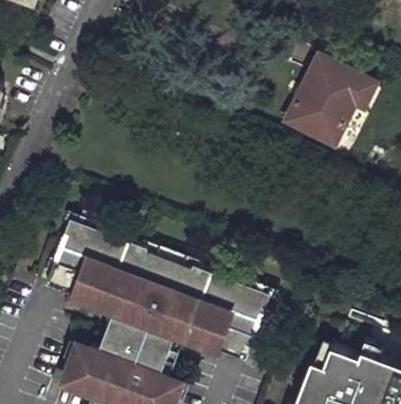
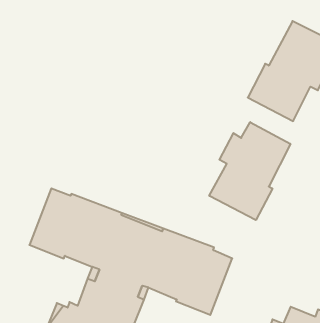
building: none -> [209,122,290,220]

